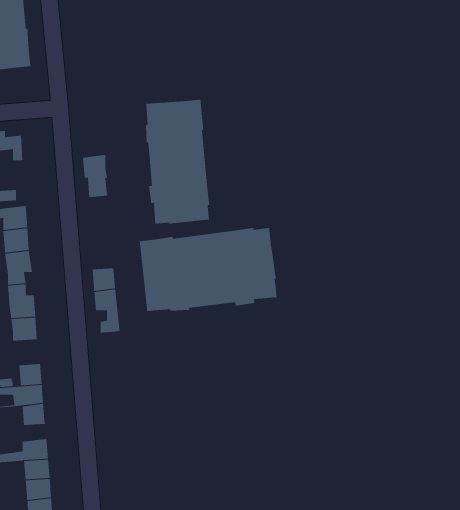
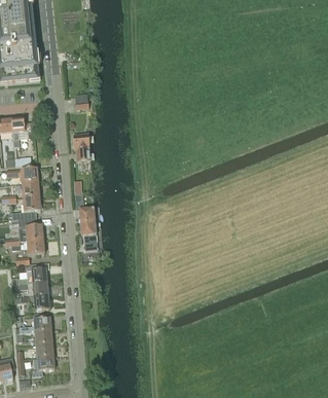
building: [146,99,210,225] -> none
building: [139,227,277,312] -> none

